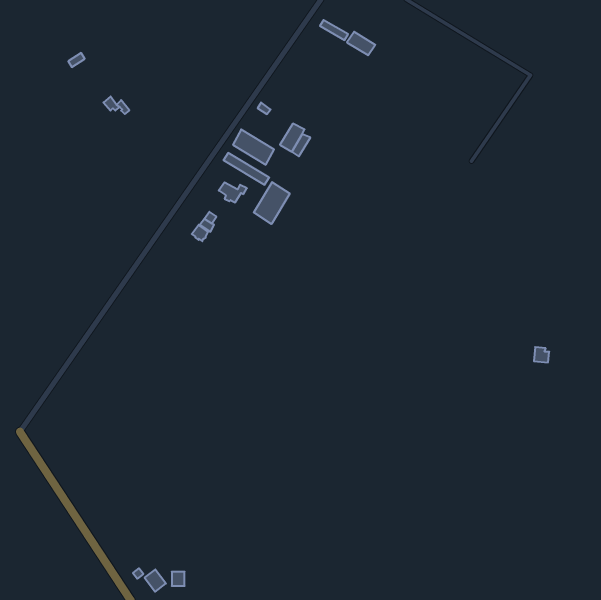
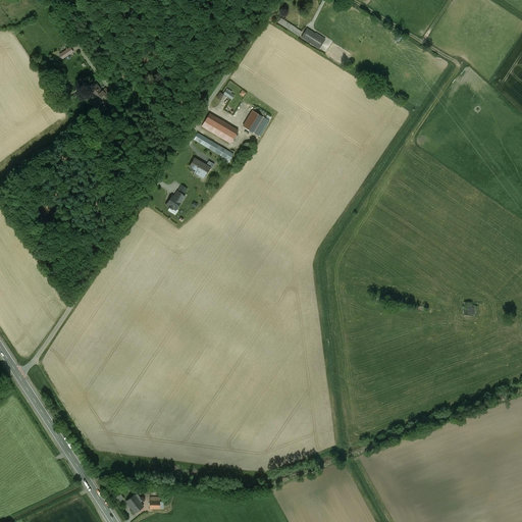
building: [254,182,290,224] -> none

